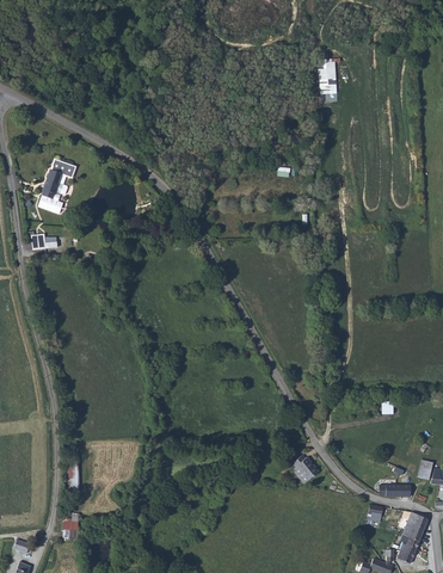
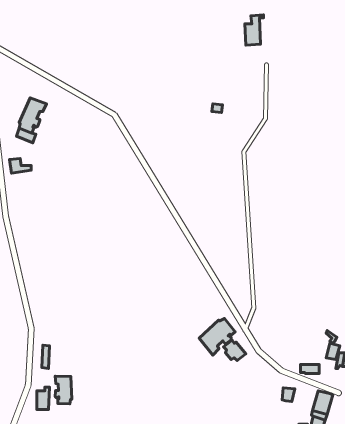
building: none -> [199,319,235,355]
building: none -> [55,376,72,404]

